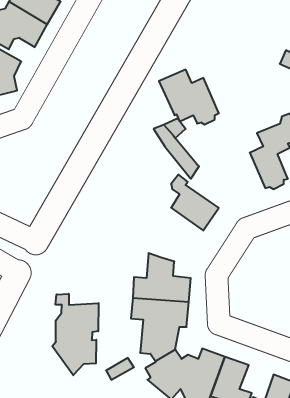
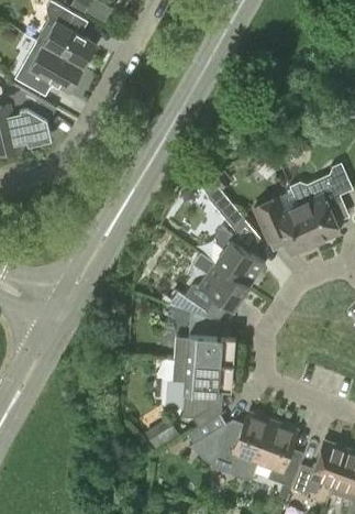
building: [159,70,219,125] -> [252,197,315,255]
building: none -> [169,264,249,317]
building: [52,294,99,375] -> none

